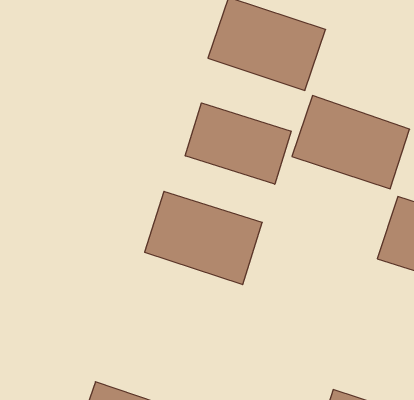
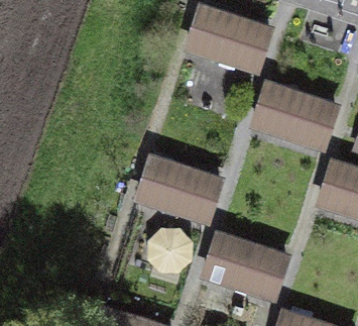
building: [185,103,291,184] -> none
building: none -> [199,229,291,303]

